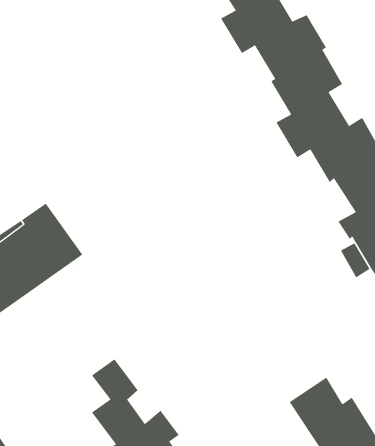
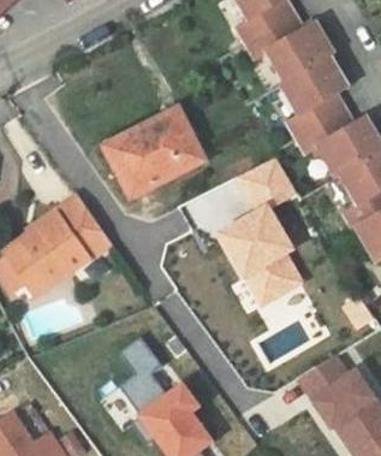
building: none -> [106,109,202,196]
building: none -> [226,156,302,303]

